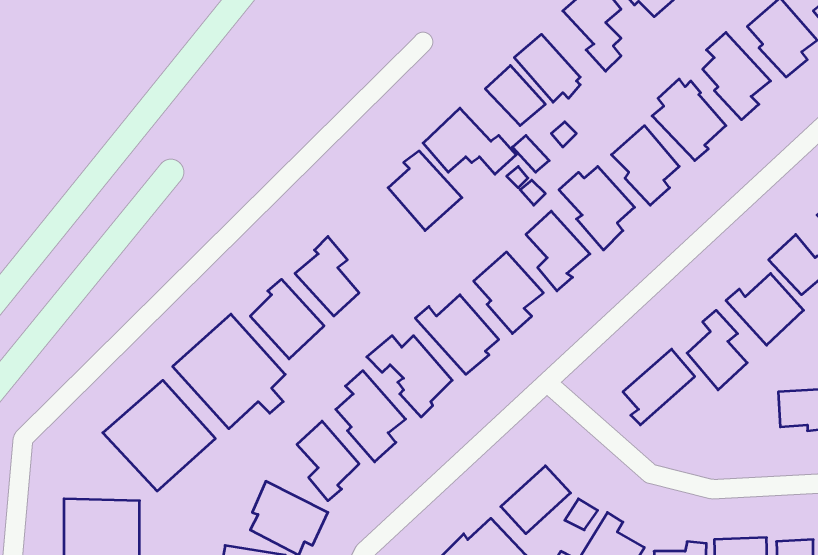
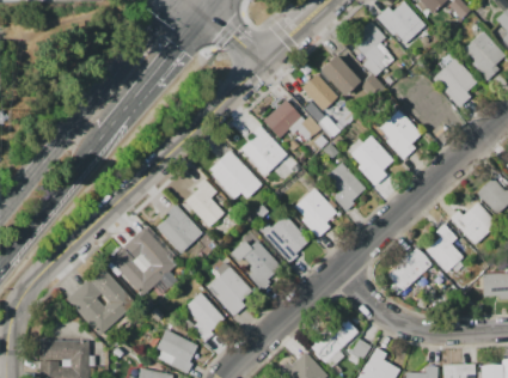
building: none -> [209,150,257,200]

